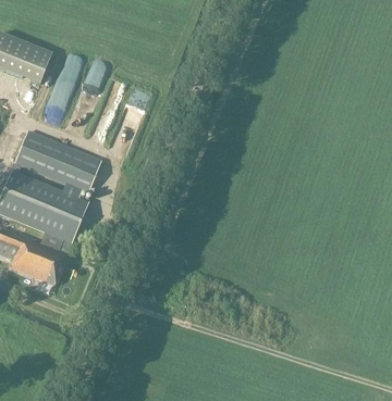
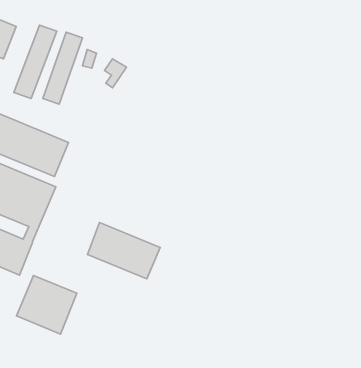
building: none -> [87,222,160,279]
building: none -> [17,276,77,334]

